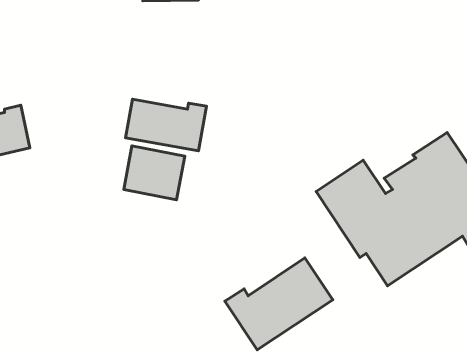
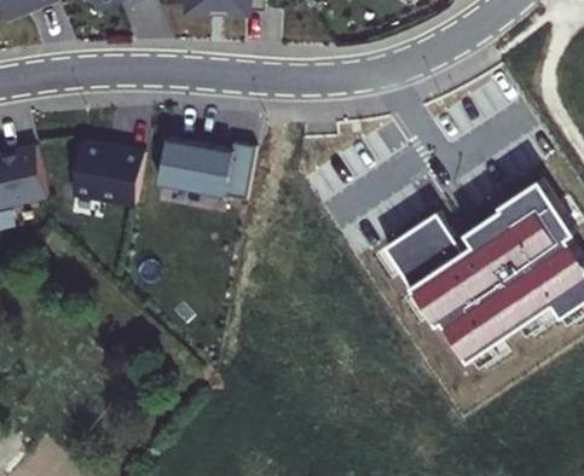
building: [124,146,185,200] -> [68,143,140,207]
building: [225,258,333,350] -> none

